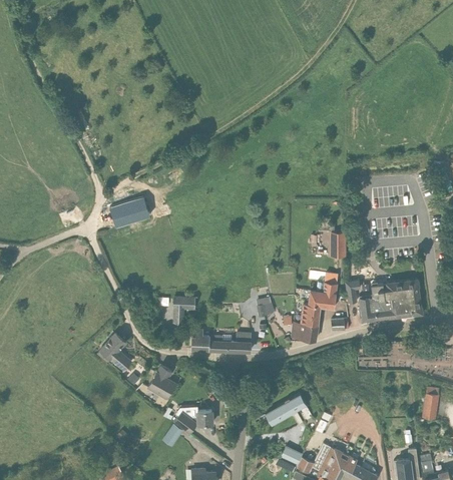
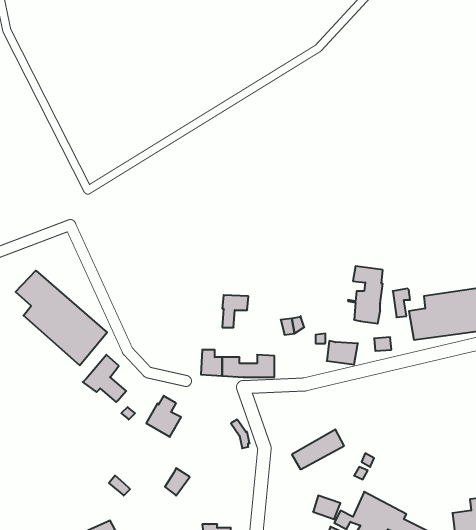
building: [102,204,142,231] -> none
building: [330,231,345,257] -> none
building: none -> [16,271,107,365]
building: [300,290,320,324] -> none
building: [173,297,194,323] -> [222,295,248,327]
building: [173,407,212,434] -> none

